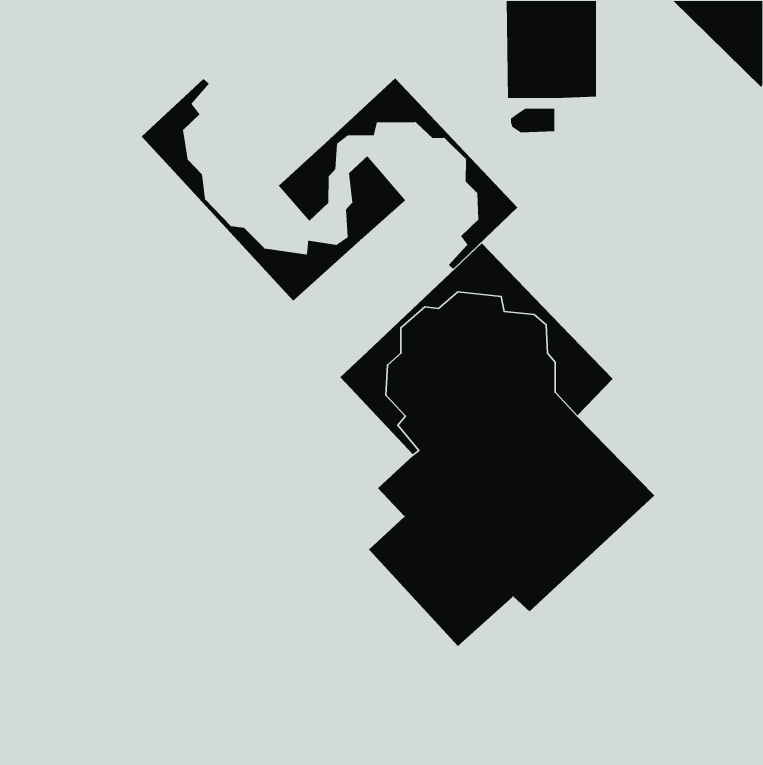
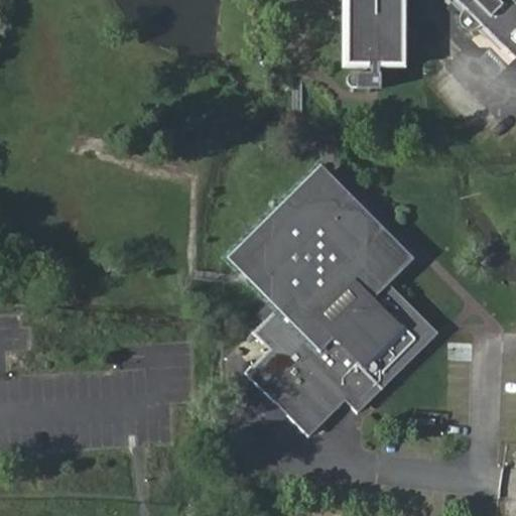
building: [278,77,518,270] -> none
building: [141,78,406,302] -> none

